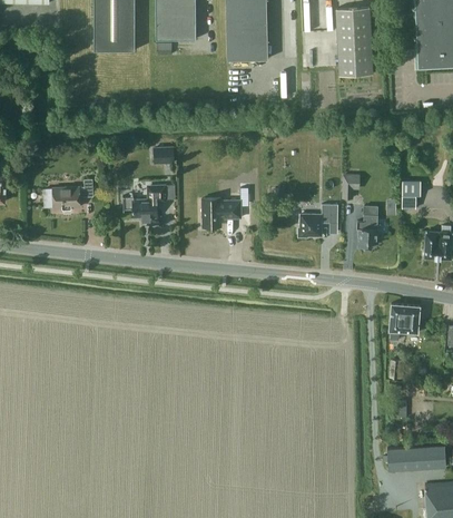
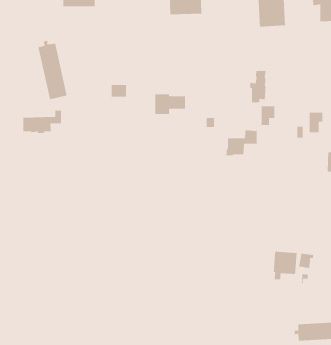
building: none -> [38,40,68,100]
building: [122,185,165,221] -> none
building: [201,198,240,225] -> [155,94,186,115]
building: [356,206,377,247] -> [249,70,266,103]
building: [388,303,420,340] -> [273,251,298,280]

